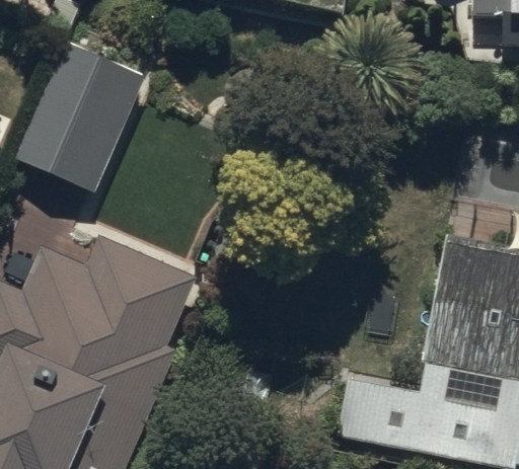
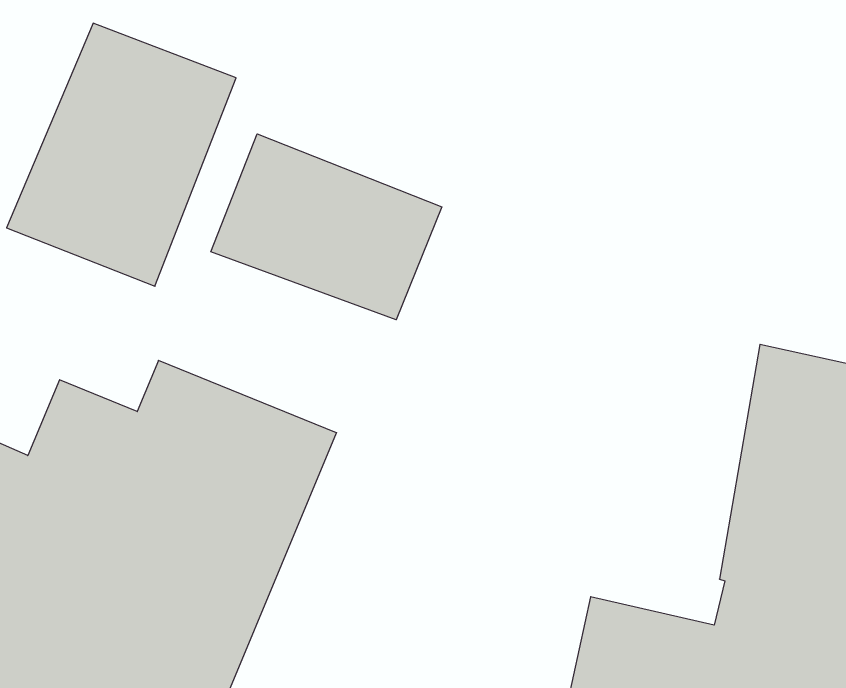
building: none -> [211,134,442,320]

